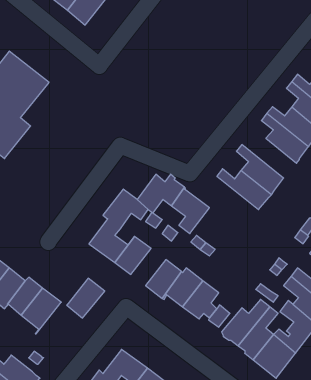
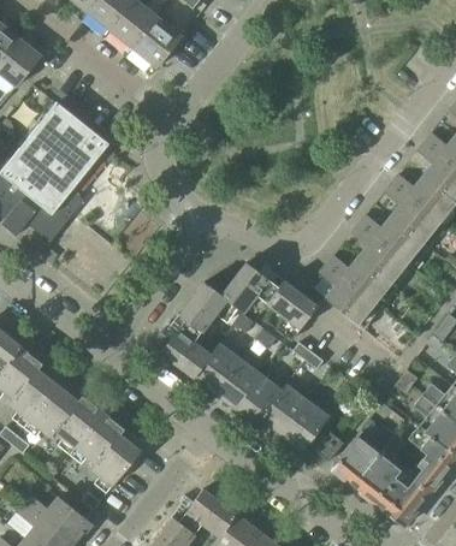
building: none -> [359,214,430,267]
building: none -> [319,265,380,330]
building: none -> [214,358,260,406]
building: [67,278,105,318] -> [91,434,141,486]

